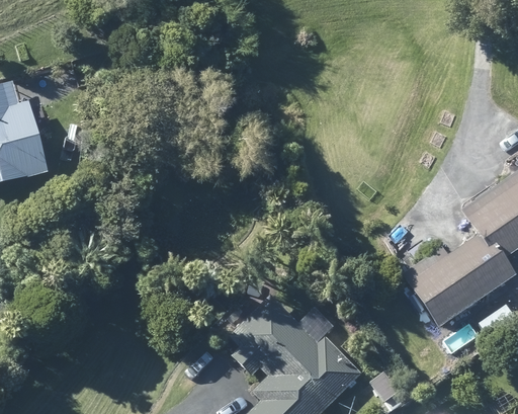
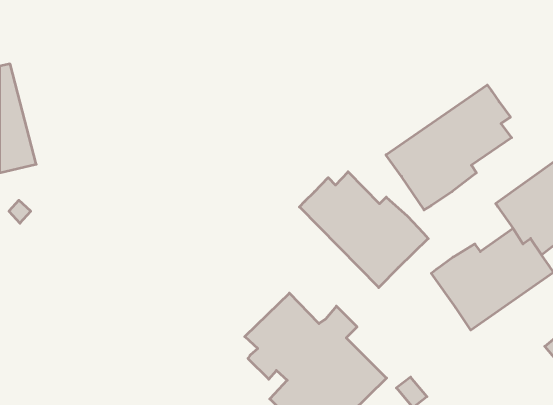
building: none -> [386,85,512,210]
building: none -> [299,172,428,288]

